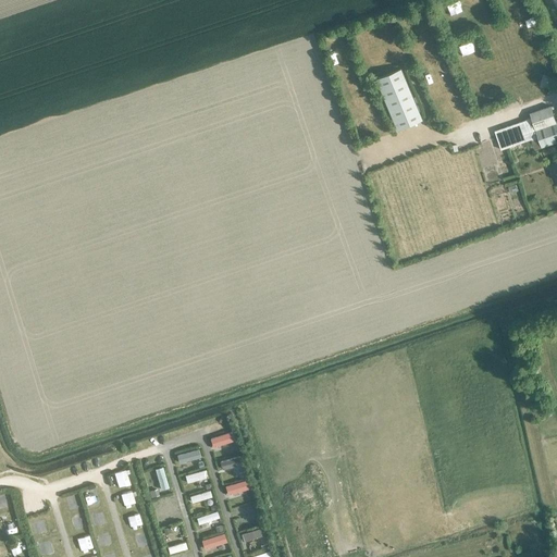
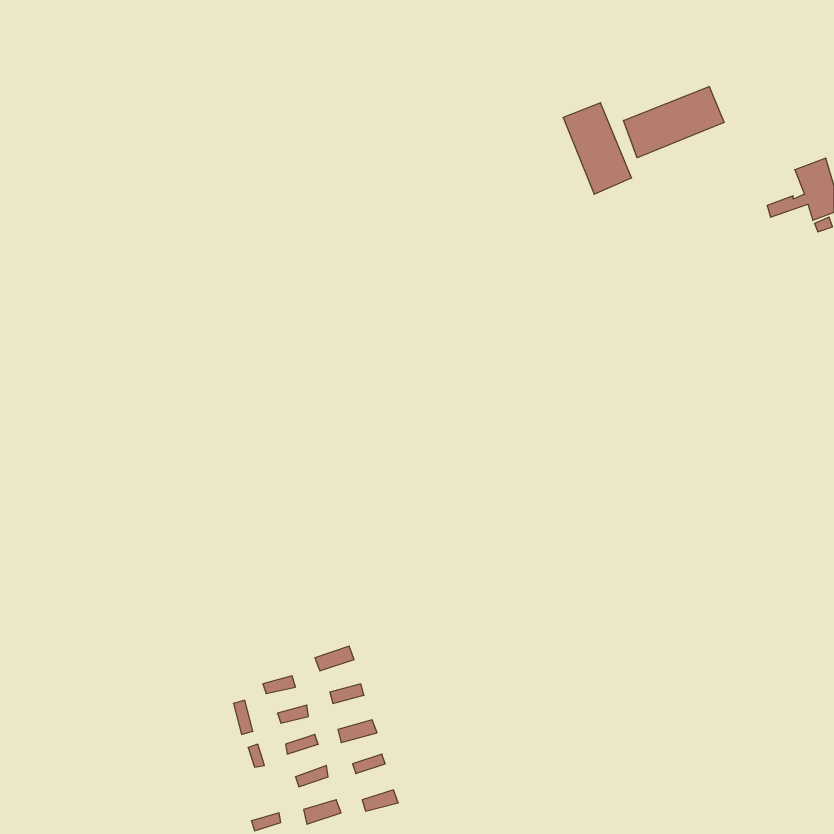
building: none -> [623,86,724,158]

